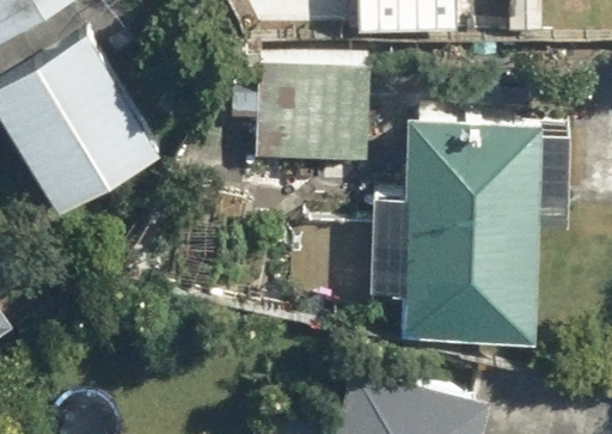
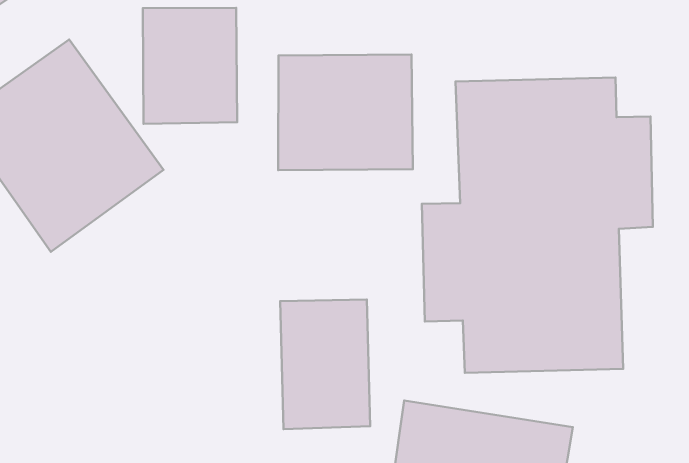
building: none -> [143,8,237,124]
building: none -> [280,299,370,429]

